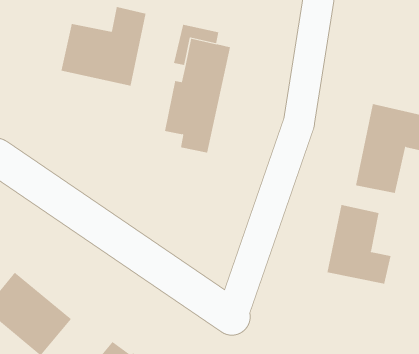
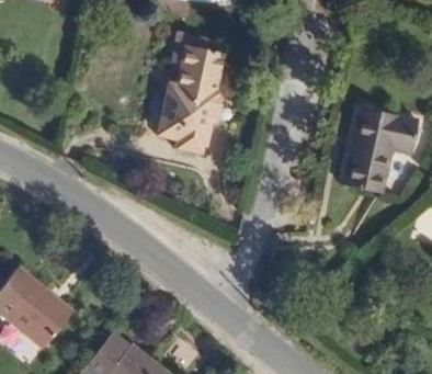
building: [61,6,146,87] -> none
building: [327,204,391,284] -> none

